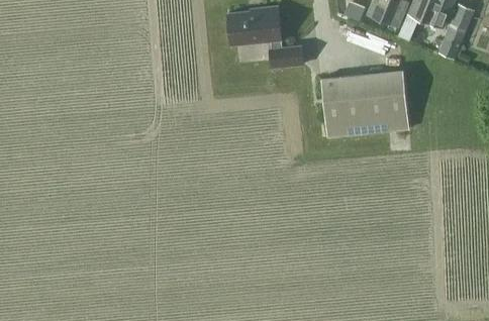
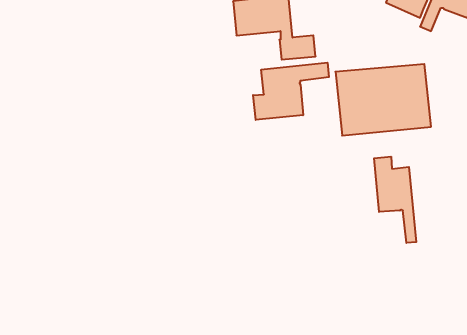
building: none -> [253,63,329,120]
building: none -> [374,157,416,243]

